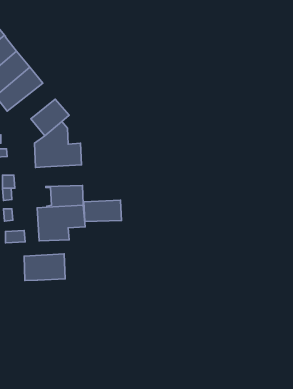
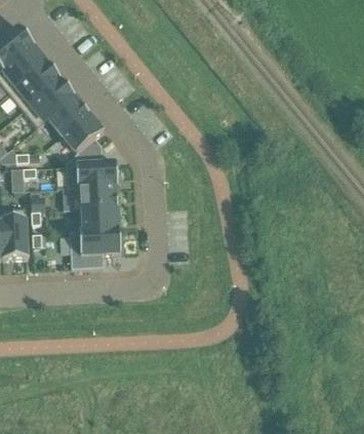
building: none -> [36,94,88,133]
building: [84,200,121,222] -> [77,184,118,207]
building: [24,254,65,281] -> none

